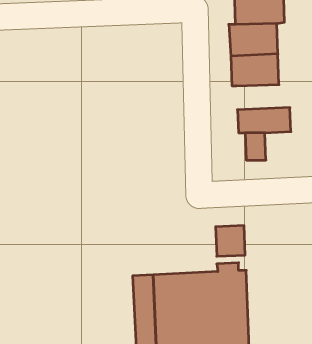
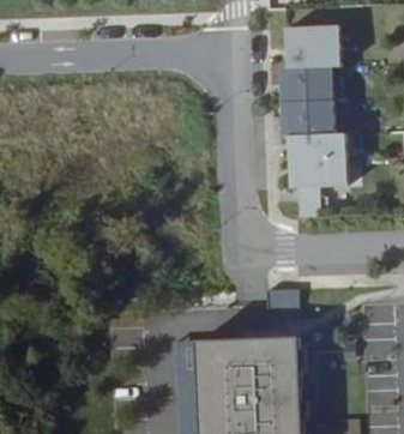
building: none -> [287,132,345,159]

